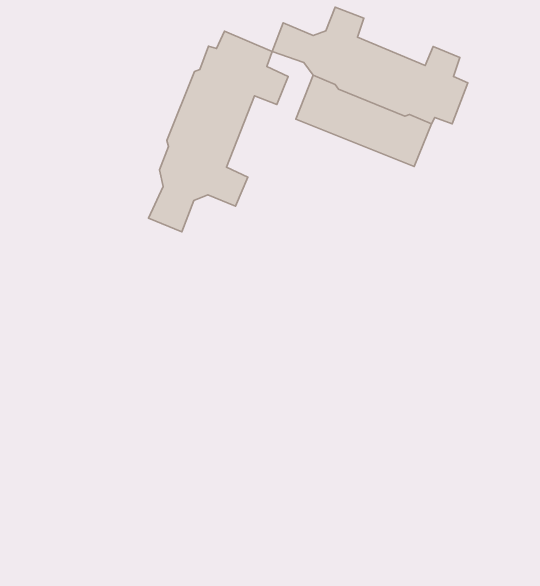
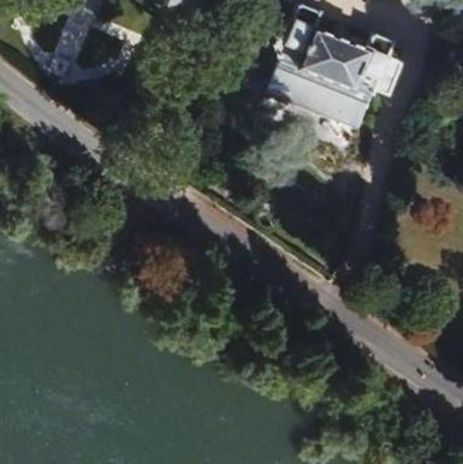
building: [148,31,288,232] -> none

